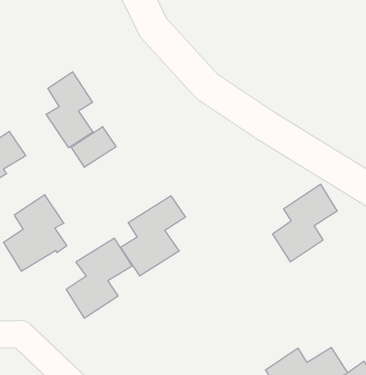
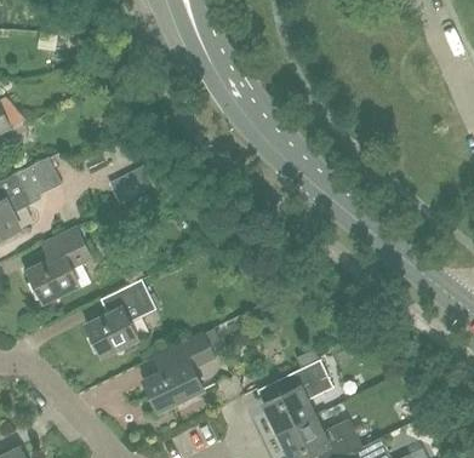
building: [46,72,93,148] -> none
building: [273,184,337,262] -> [263,359,332,434]
building: [121,196,186,276] -> [143,334,213,412]

